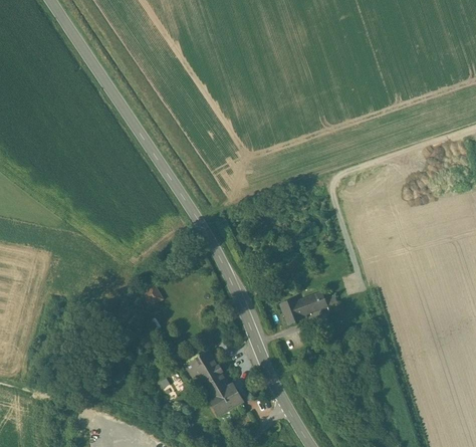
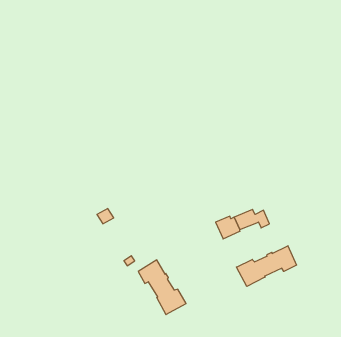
building: none -> [236,246,297,286]

